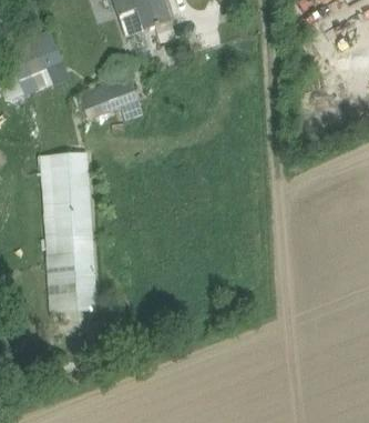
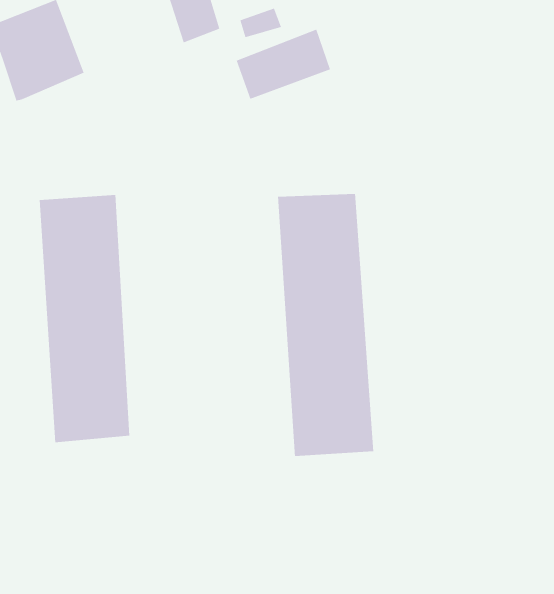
building: [79,73,139,118] -> [236,29,331,99]
building: none -> [277,193,374,457]

